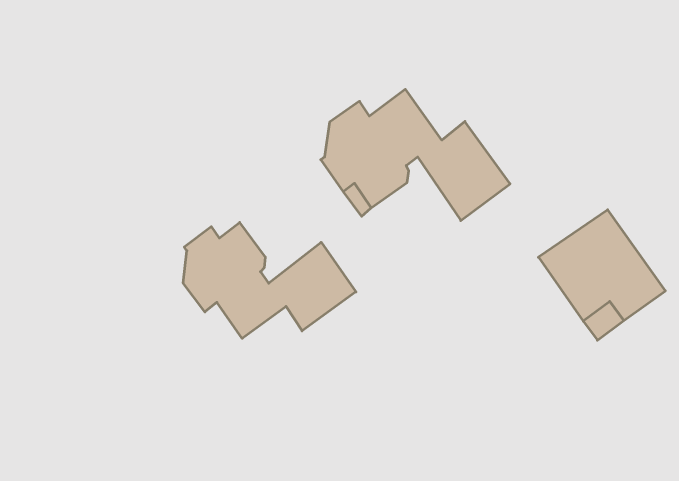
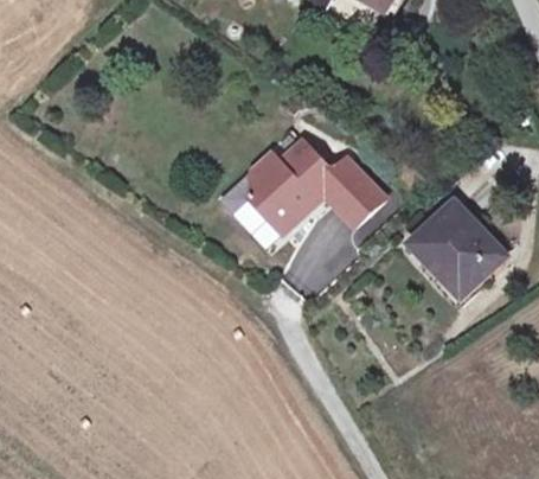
building: [183,222,356,338] -> none

